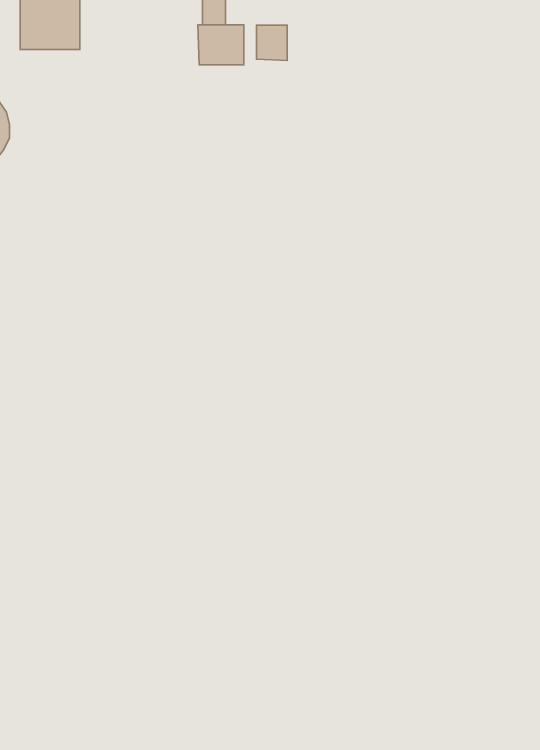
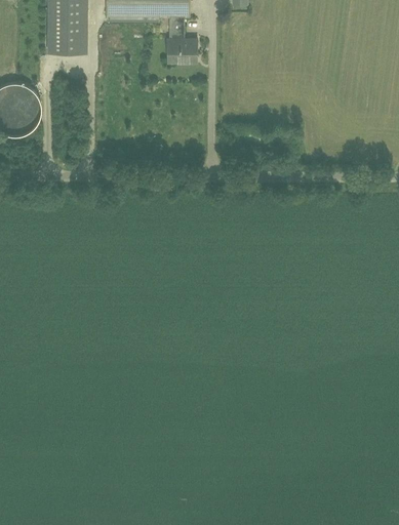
building: [256,25,287,60] -> none

